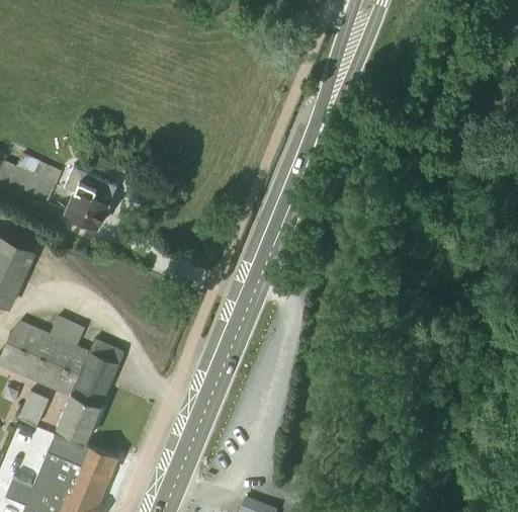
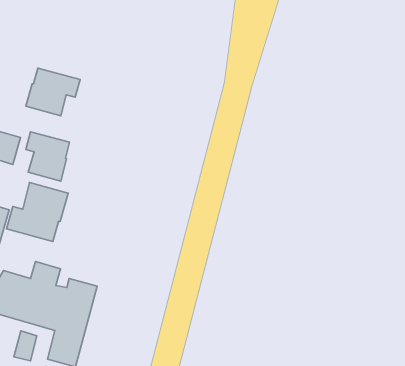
building: none -> [26,68,80,116]
building: none -> [7,183,68,242]

